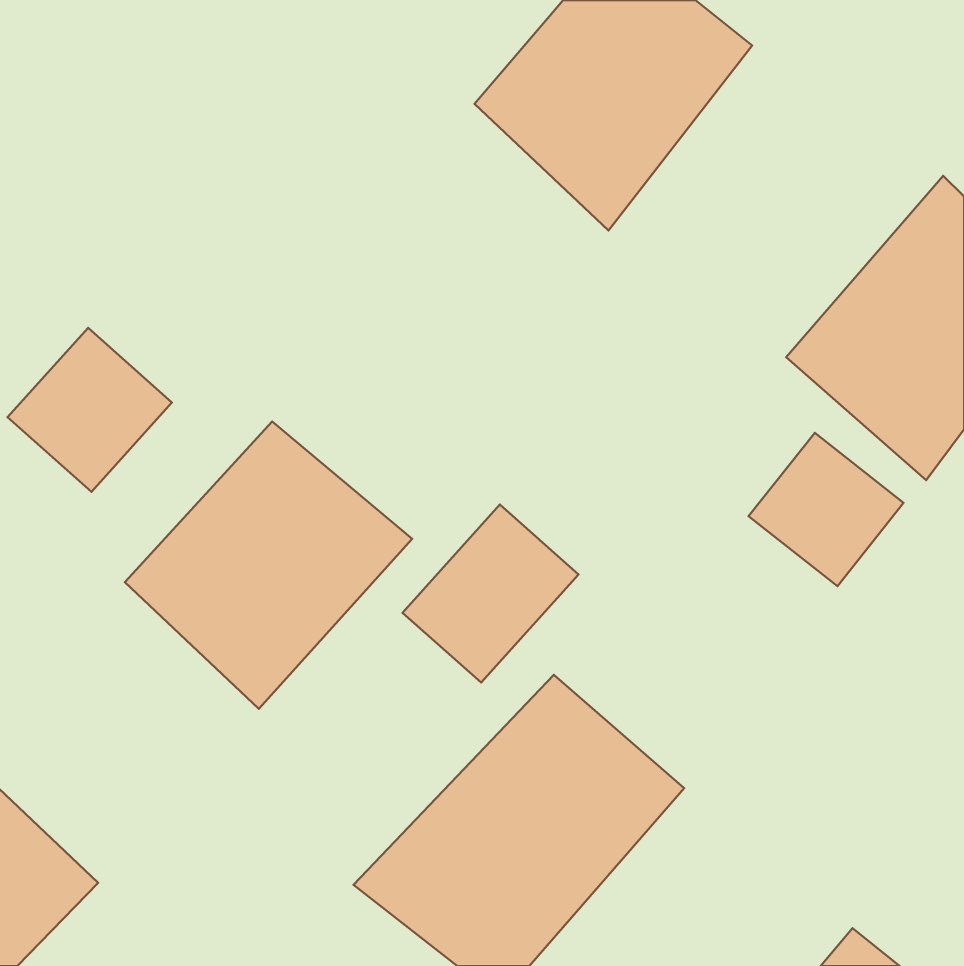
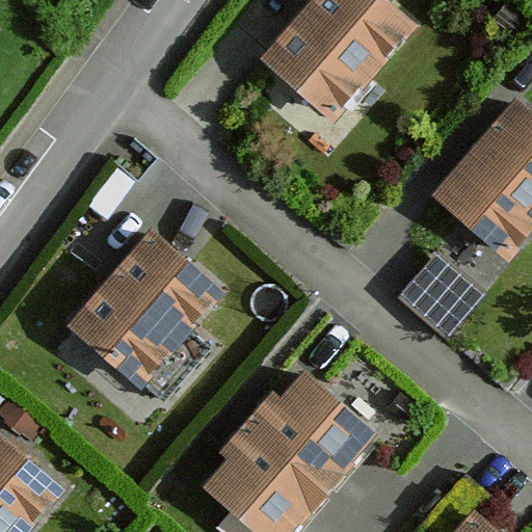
building: [8,328,172,492] -> none
building: [403,505,578,683] -> none

